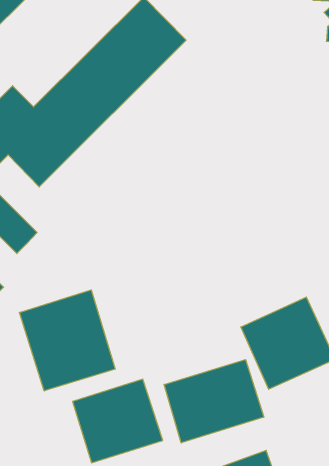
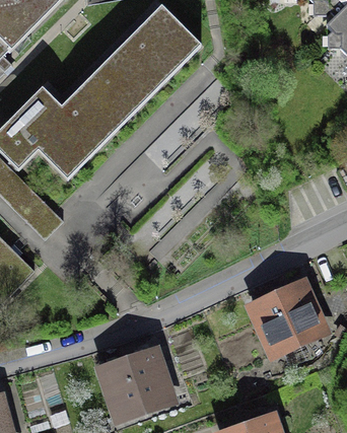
building: [19,290,115,391] -> none
building: [164,360,264,443] -> none

